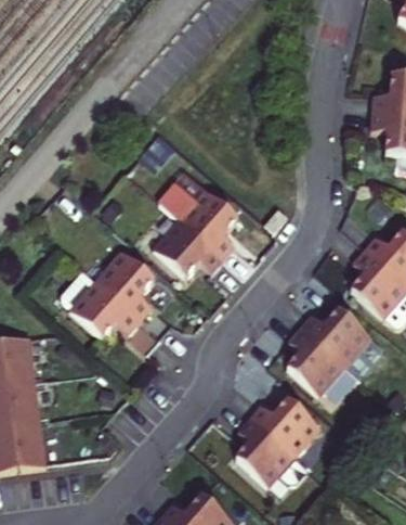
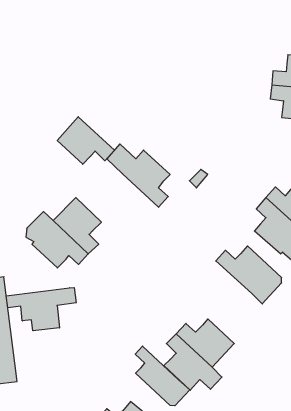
building: [156,218,226,277] -> [57,117,114,164]
building: [283,325,341,395] -> none
building: none -> [6,288,76,331]
building: none -> [135,346,190,406]

